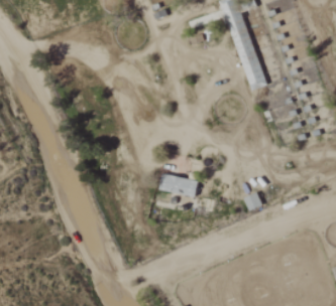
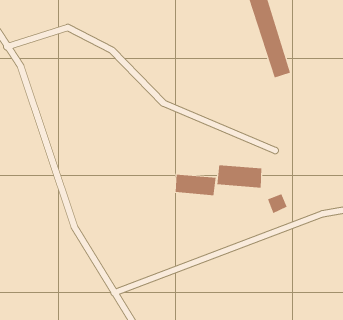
building: none -> [217,164,262,189]

